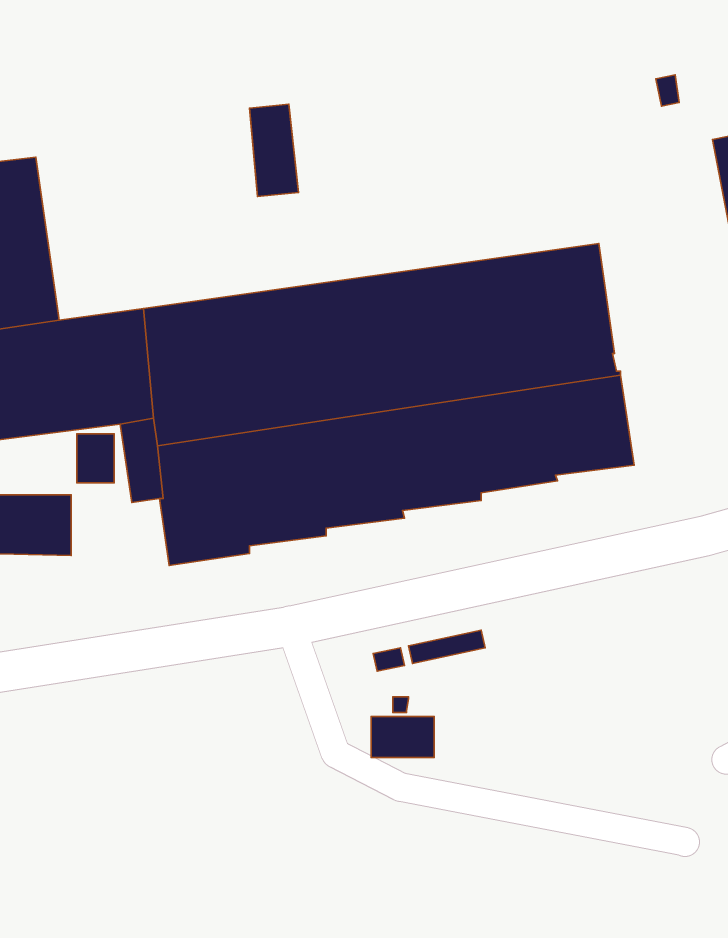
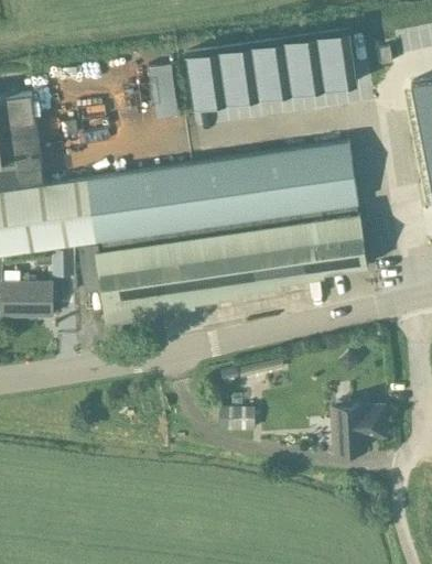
building: none -> [185,36,354,117]
building: none -> [333,401,384,452]

